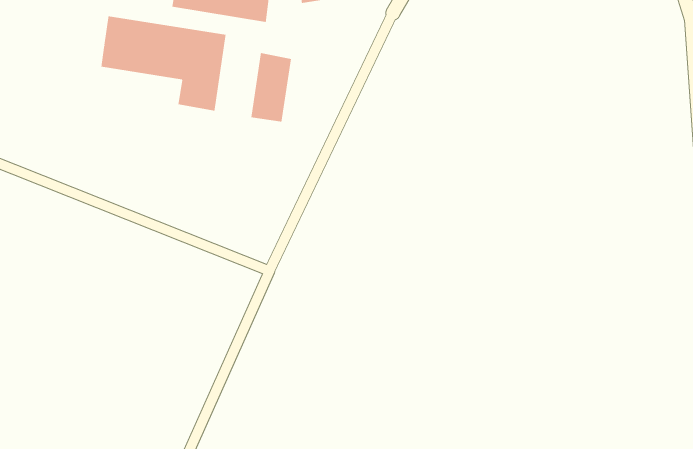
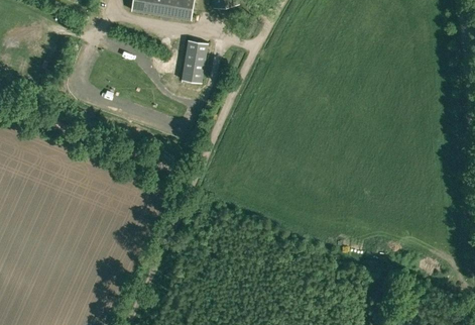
building: [101,15,226,112] -> none

